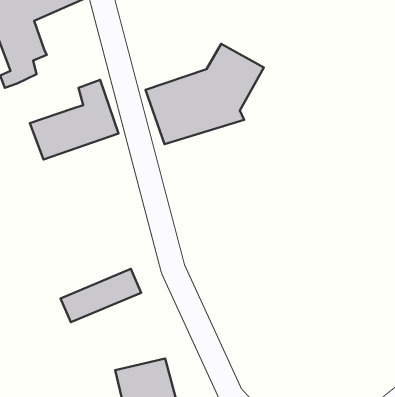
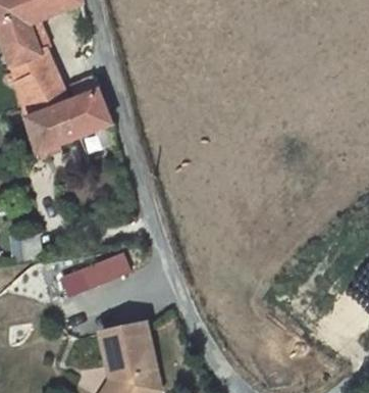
building: [145,44,264,144] -> none
building: none -> [16,51,66,118]

